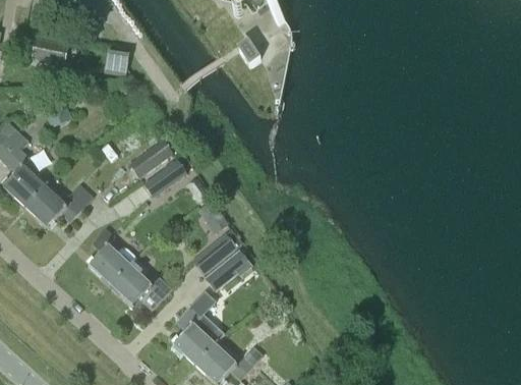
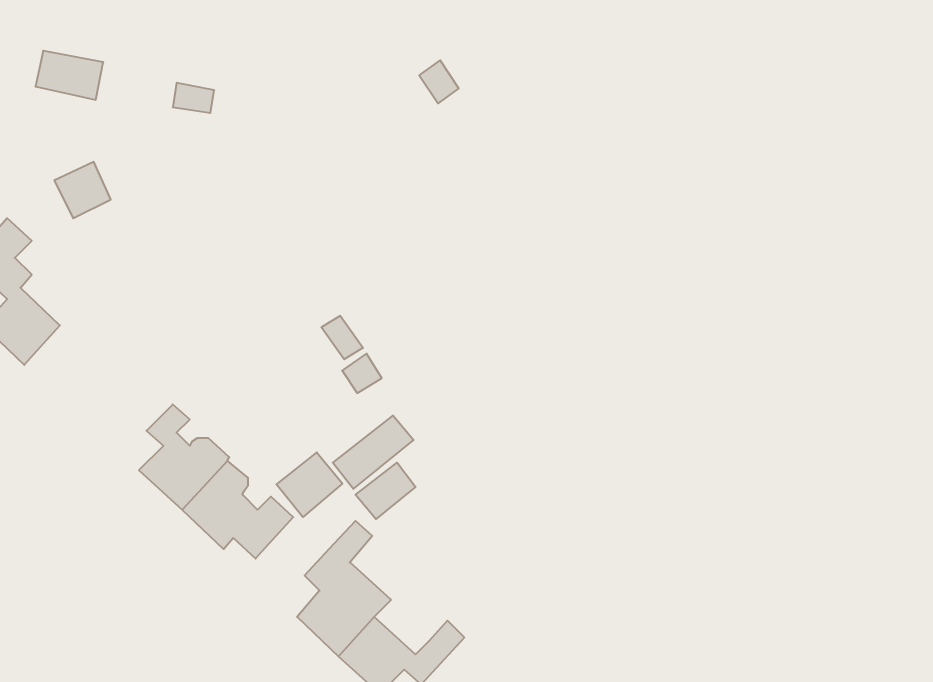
building: [127,139,173,177] -> none
building: [140,158,185,197] -> none
building: [25,182,95,227] -> none
building: none -> [276,452,342,517]

